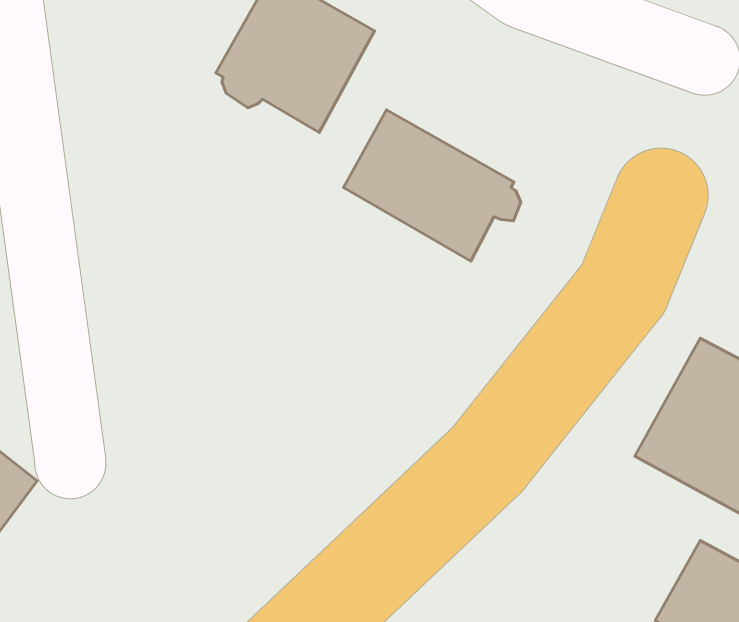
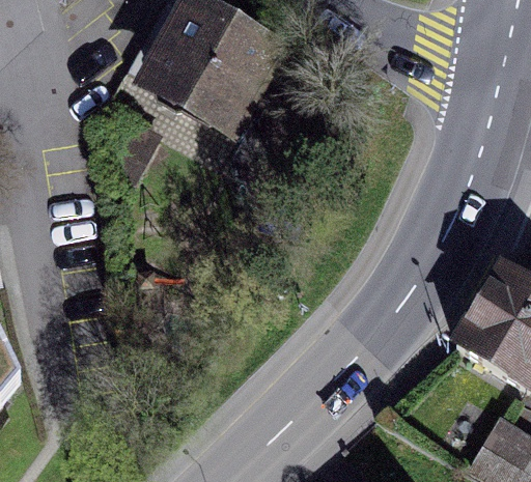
building: [343,110,521,261] -> none

